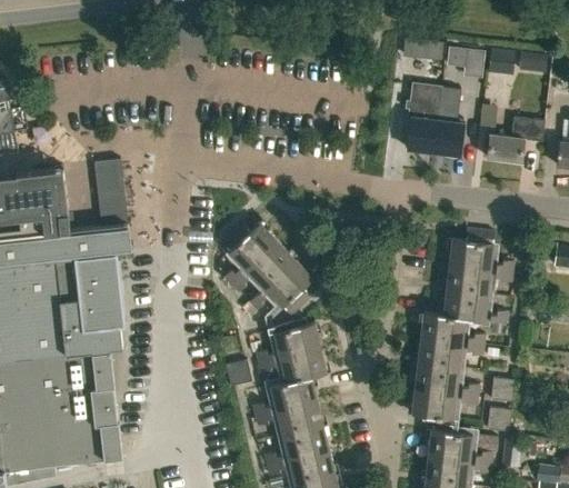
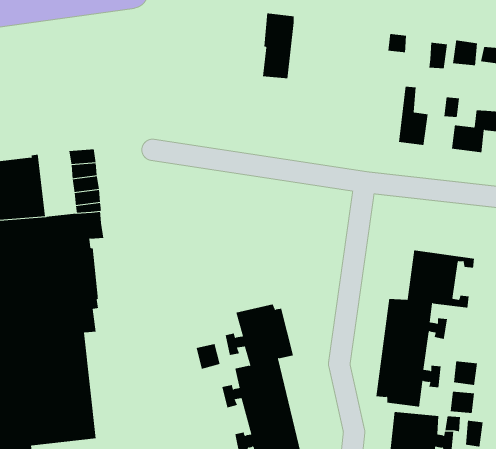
building: [407,84,440,152] -> [262,13,295,79]
building: [220,221,311,315] -> none
building: [449,228,513,272] -> none

